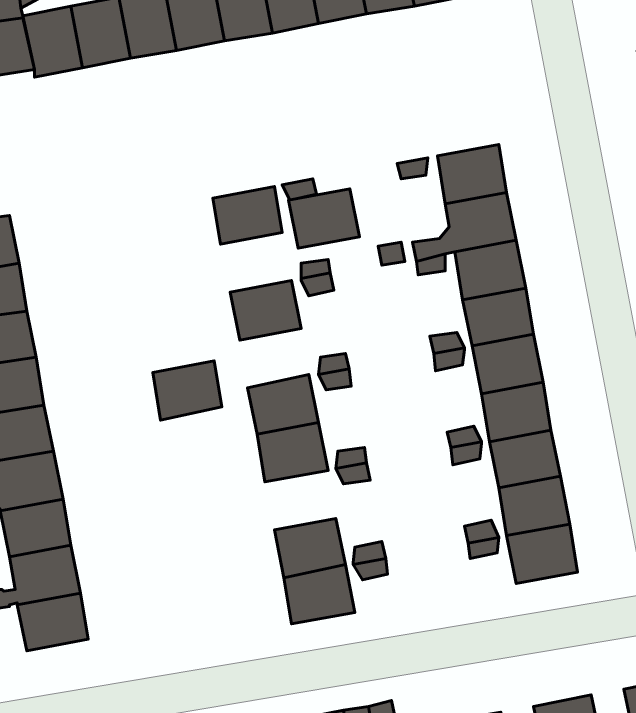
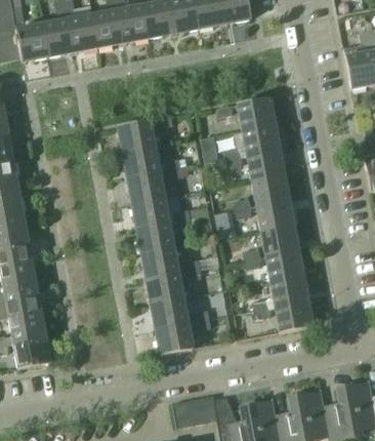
building: [288,189,359,248] -> [122,144,160,175]
building: [153,361,222,420] -> [132,195,169,227]
building: none -> [145,271,183,303]

